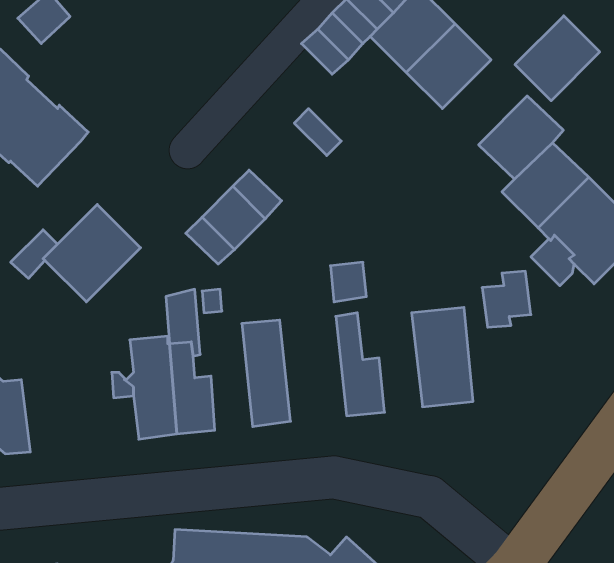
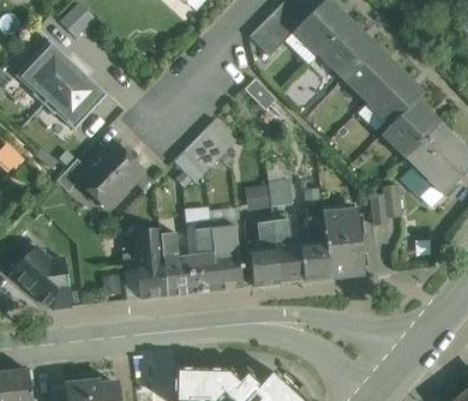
building: [515,16,600,101] -> [343,46,400,102]
building: none -> [301,208,330,280]
building: none -> [251,216,280,285]
building: none -> [190,221,217,292]

